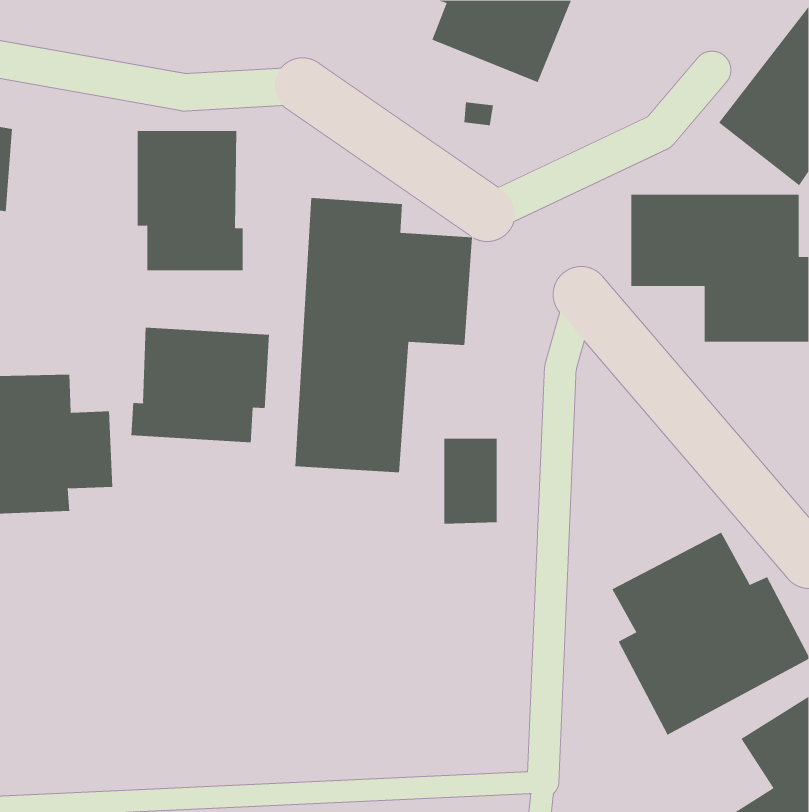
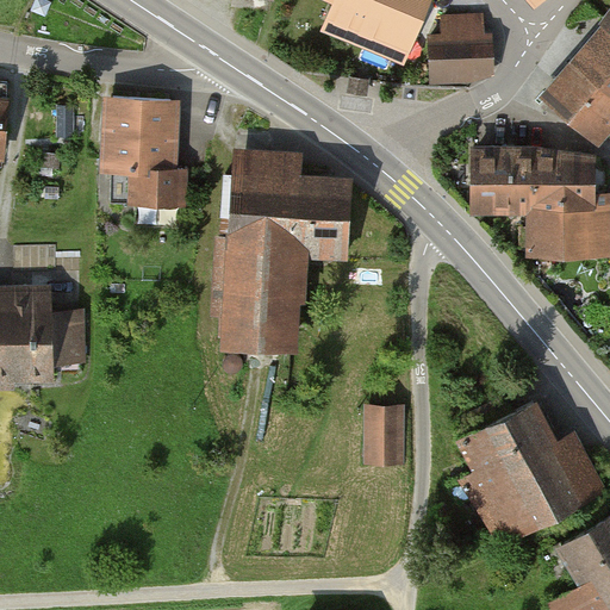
building: none -> [427,12,494,83]
building: [131,327,270,443] -> none
building: [443,438,498,524] -> [362,403,403,467]

